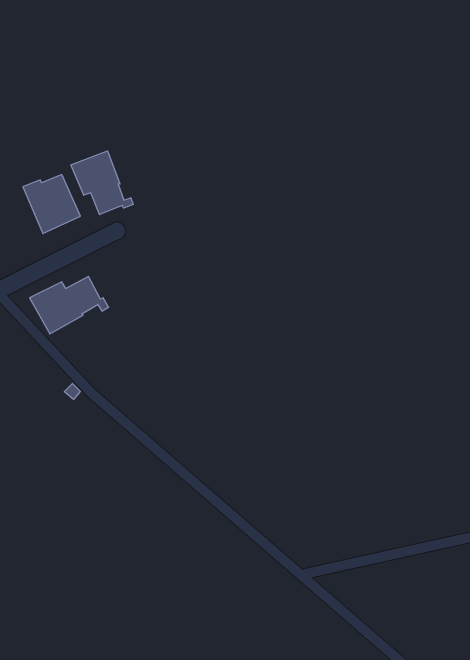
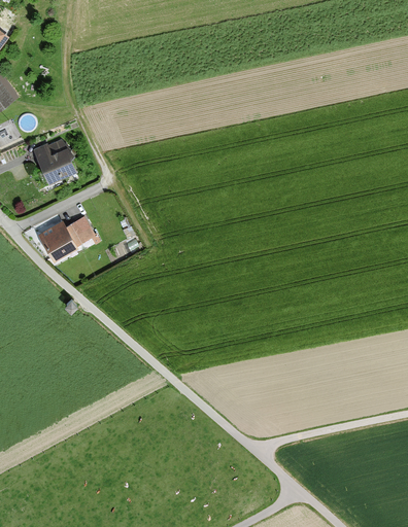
building: [71,151,133,215] -> none

